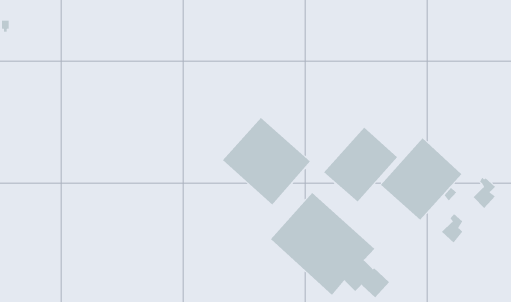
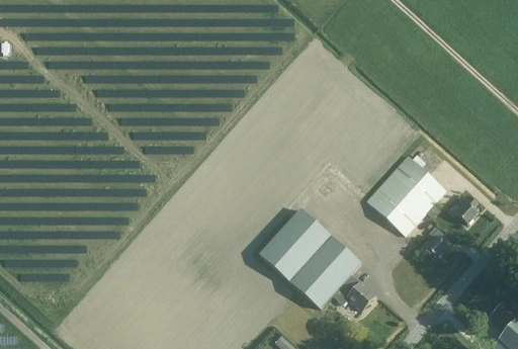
building: [222,117,311,205] -> none
building: [323,127,398,203] -> none

